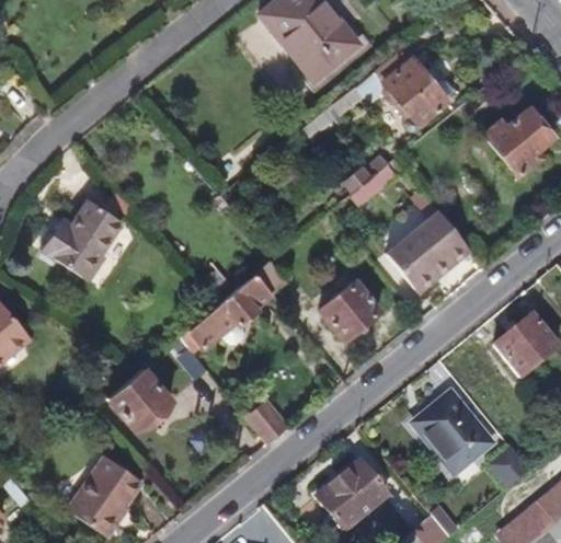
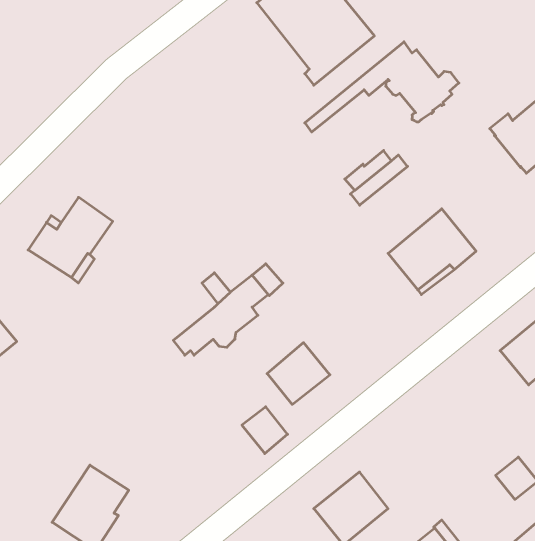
building: [320,279,380,338] -> [267,343,330,404]
building: [108,366,172,430] -> none
building: [414,393,491,472] -> none

